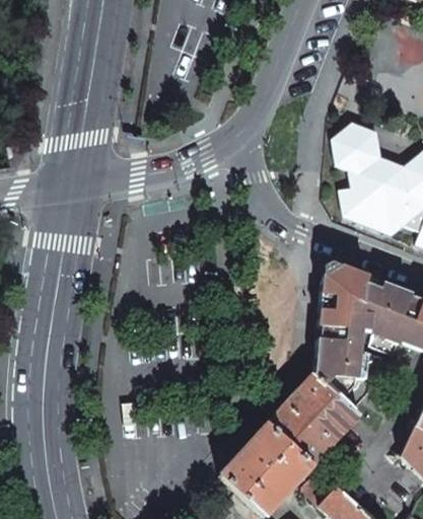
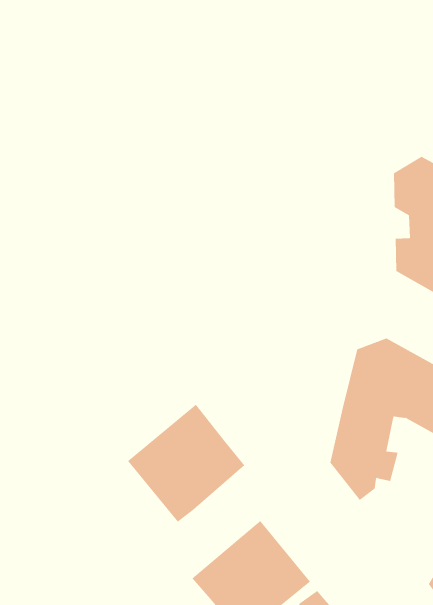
building: [266,371,358,465] -> [127,404,245,523]

